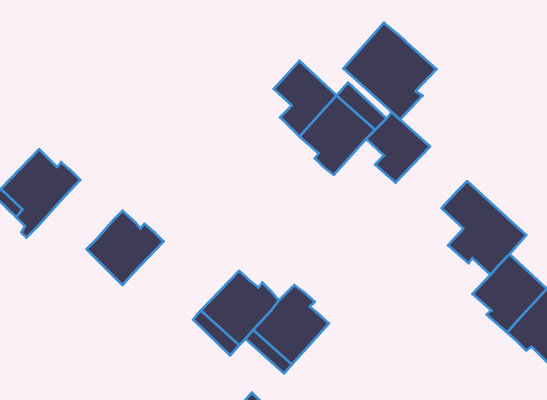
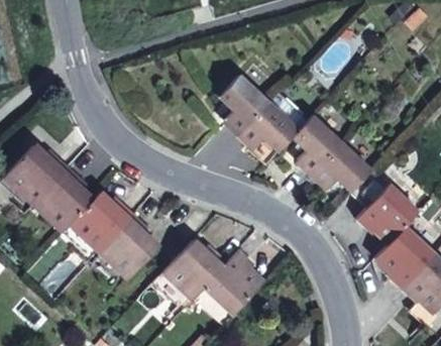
building: [343,23,437,120] -> none
building: none -> [315,142,371,191]
building: none -> [34,168,93,232]
building: none -> [100,217,159,278]

